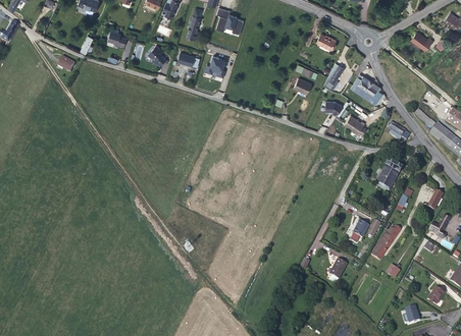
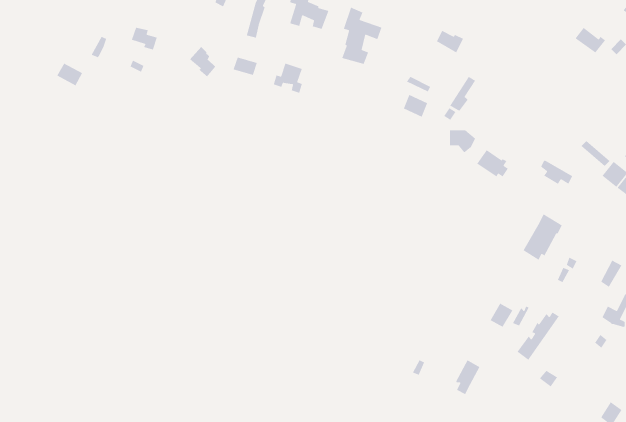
building: none -> [341,7,383,65]
building: [350,73,382,103] -> none

